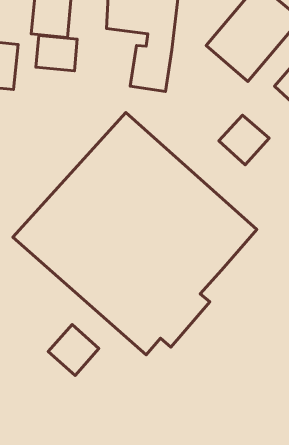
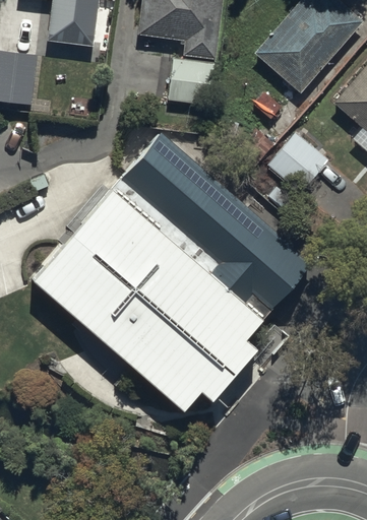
building: [36,35,77,71] -> none
building: [48,325,99,375] -> none

